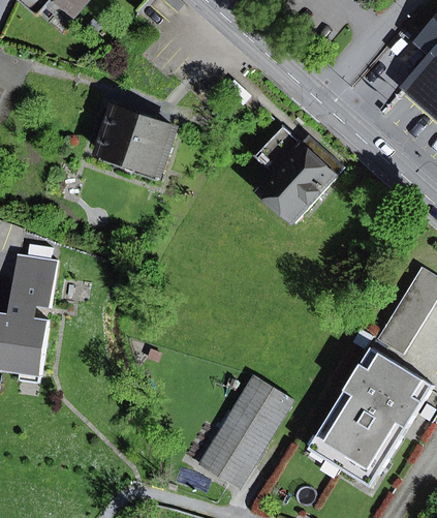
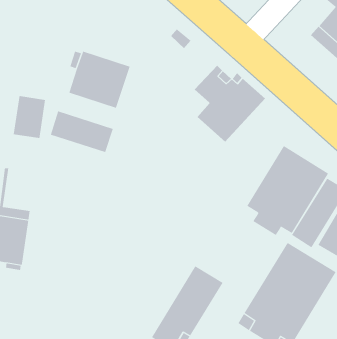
building: none -> [50,110,114,153]
building: none -> [247,145,329,236]
building: [15,253,57,307] -> [13,96,46,139]

